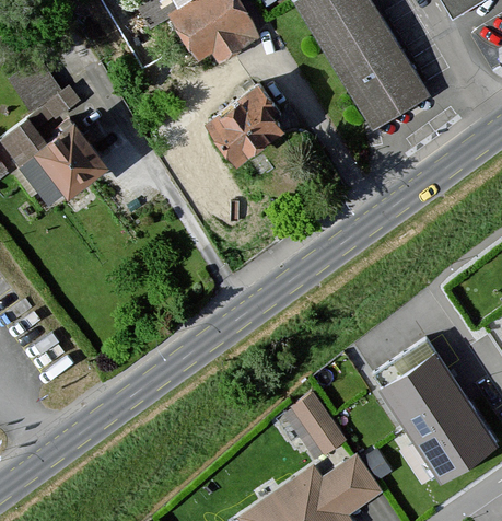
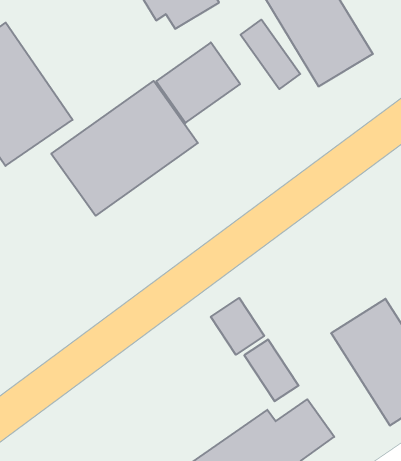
building: none -> [241,20,300,89]
building: none -> [51,81,198,216]
building: none -> [211,298,264,355]

